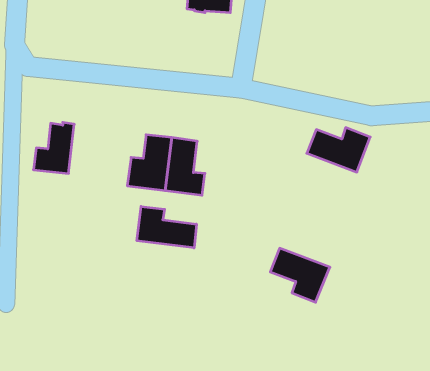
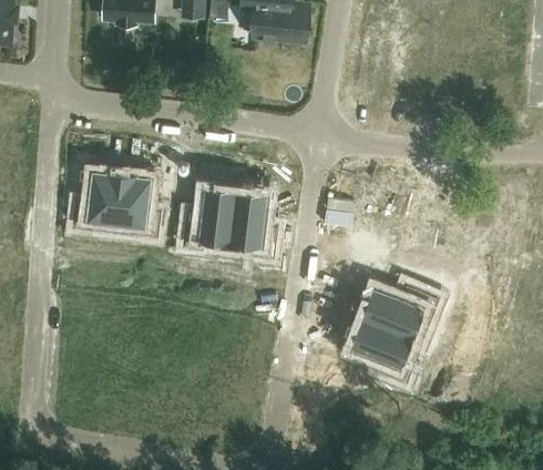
building: none -> [115,173,158,235]
building: [307,128,370,172] -> [362,288,437,340]
building: [137,206,196,248] -> none

